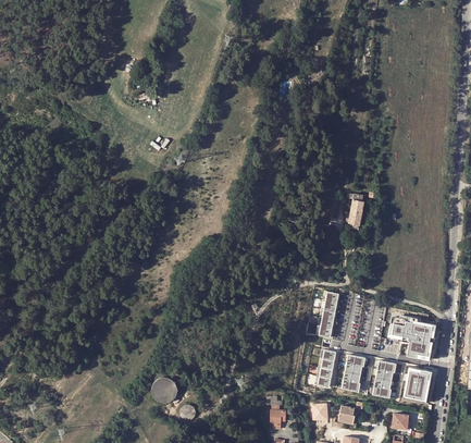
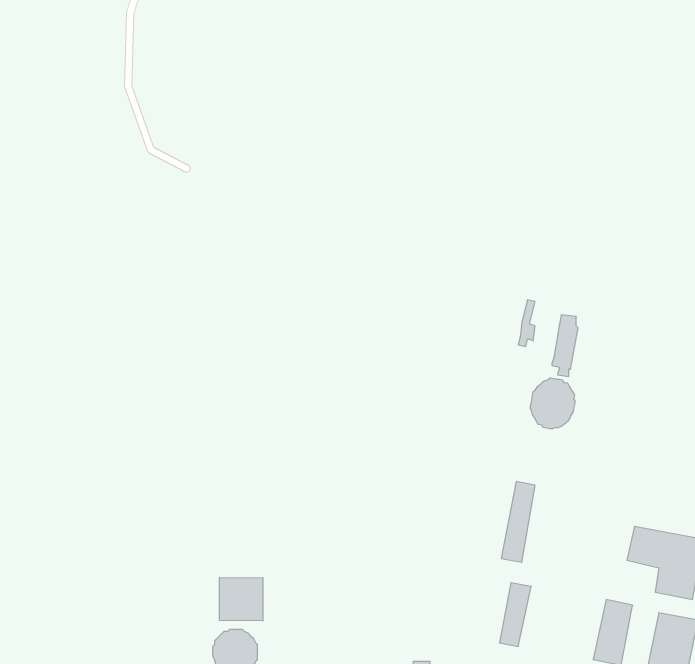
building: none -> [530,378,575,429]
building: none -> [220,577,263,621]
building: [340,354,362,391] -> none

